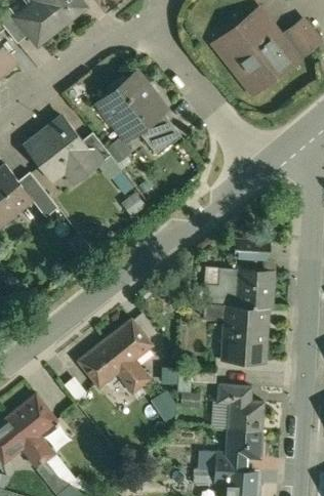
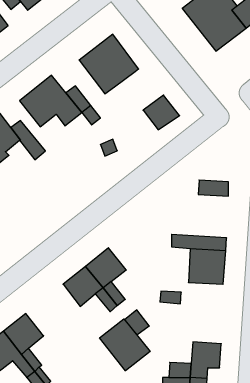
building: [138,115,180,155] -> [143,95,180,130]
building: [204,266,273,306] -> none
building: [218,386,262,428] -> none
building: none -> [100,319,150,371]

